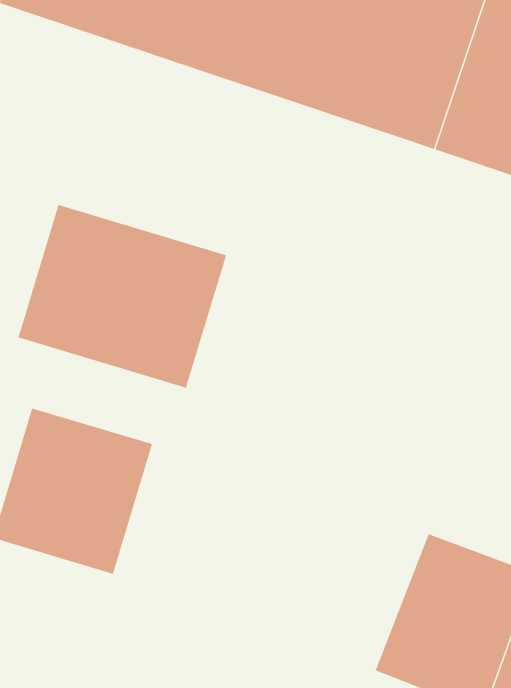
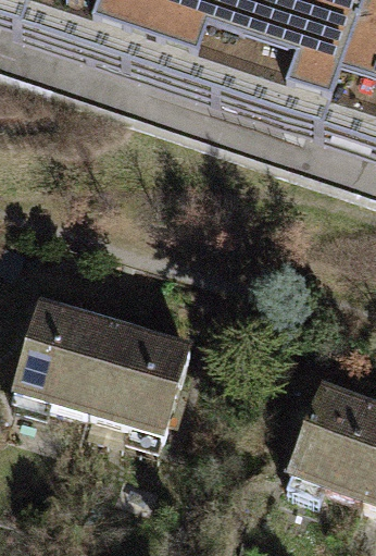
building: [18,204,227,389] -> none
building: none -> [99,334,209,449]

